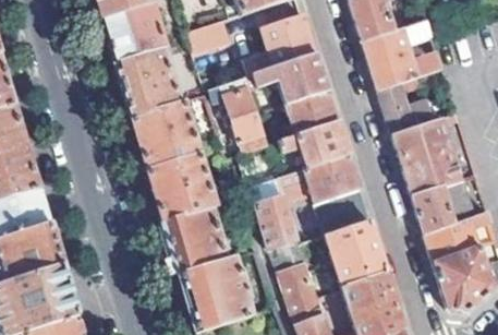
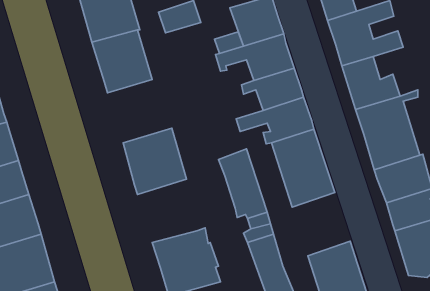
building: [209,74,267,149] -> none
building: [132,98,199,167] -> none
building: [163,206,226,272] -> none
building: [326,219,387,286] -> none

